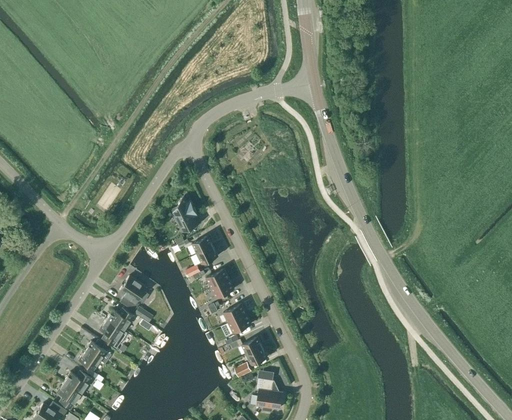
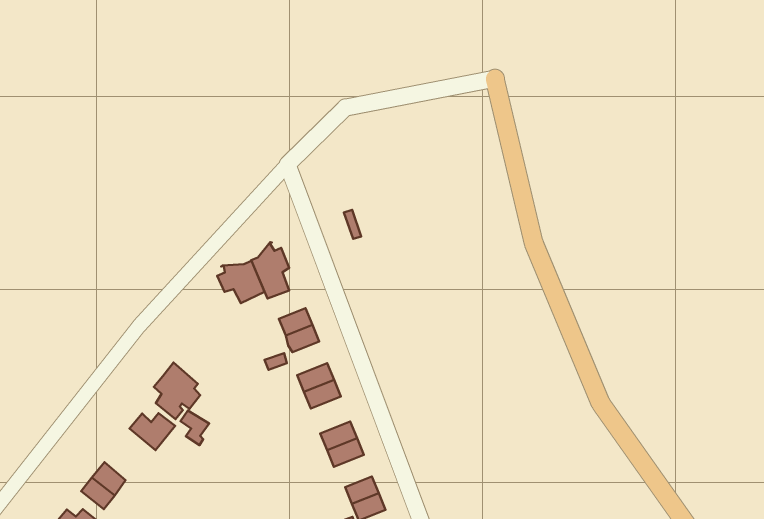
building: none -> [217,261,265,303]
building: [99,320,126,350] -> none

